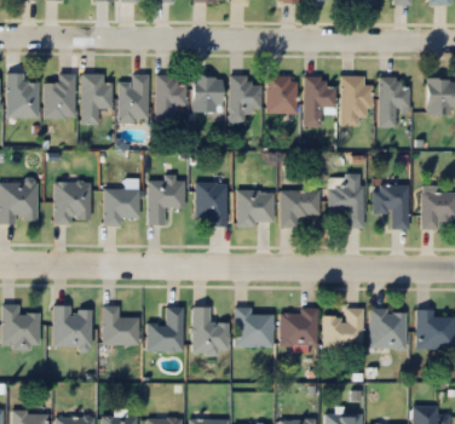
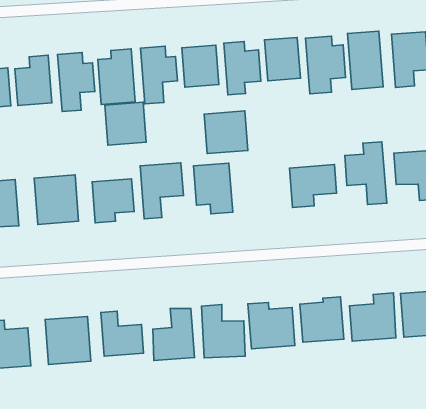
building: none -> [105,102,146,145]
building: [236,190,272,225] -> [204,111,248,154]

